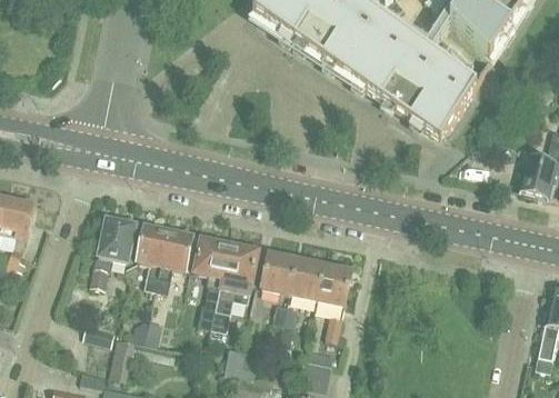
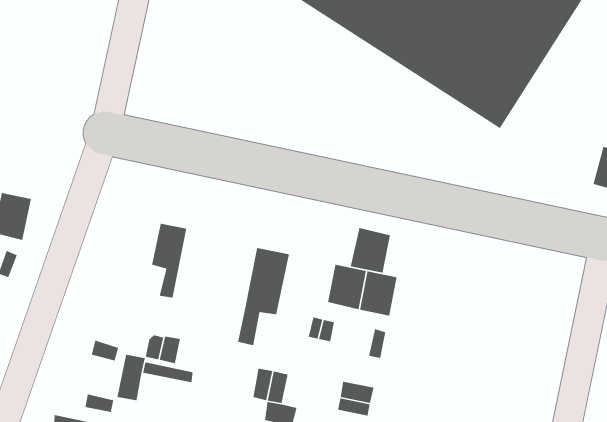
building: [92,217,134,286] -> none
building: [157,226,193,289] -> none
building: [194,237,229,299] -> none
building: [261,250,297,290] -> [350,227,391,273]

